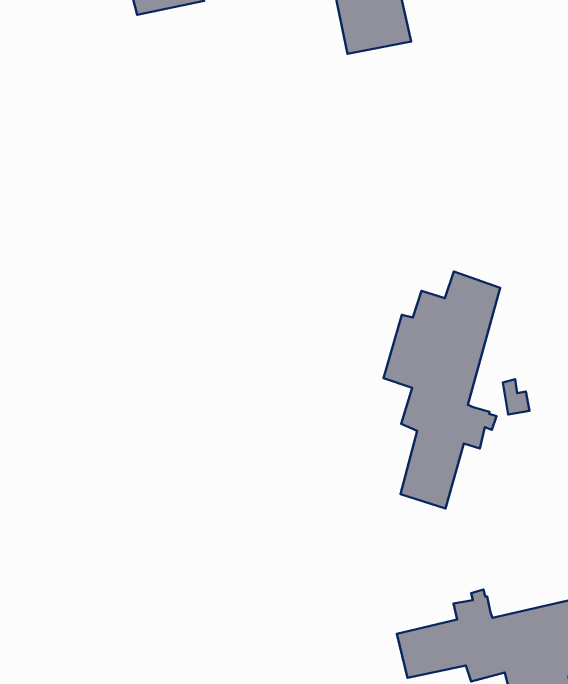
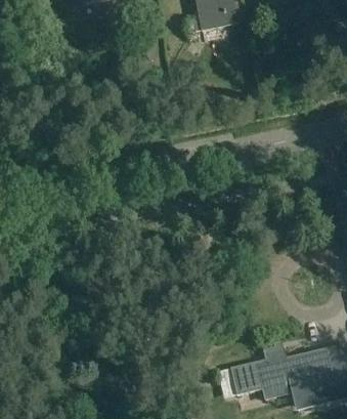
building: [384,271,500,509] -> none

